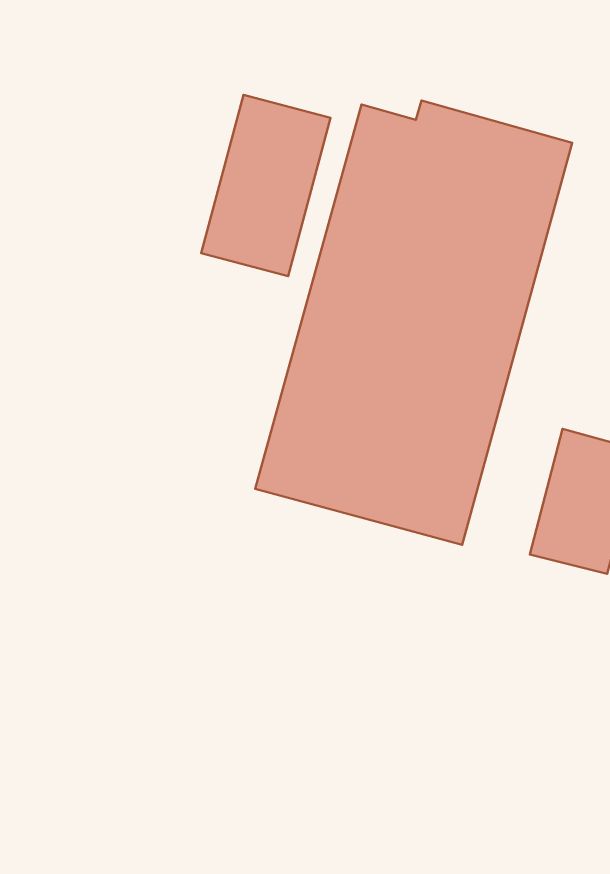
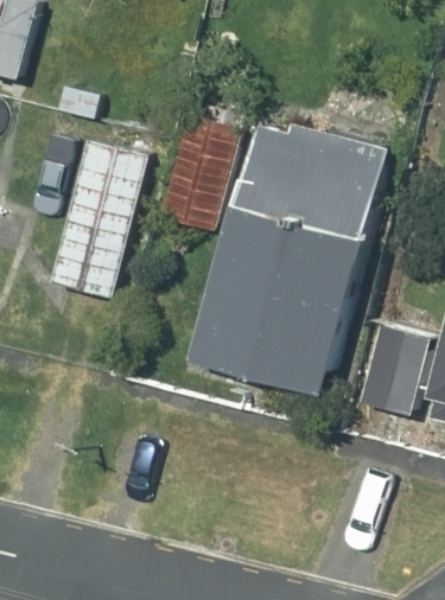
building: none -> [49,139,148,300]

